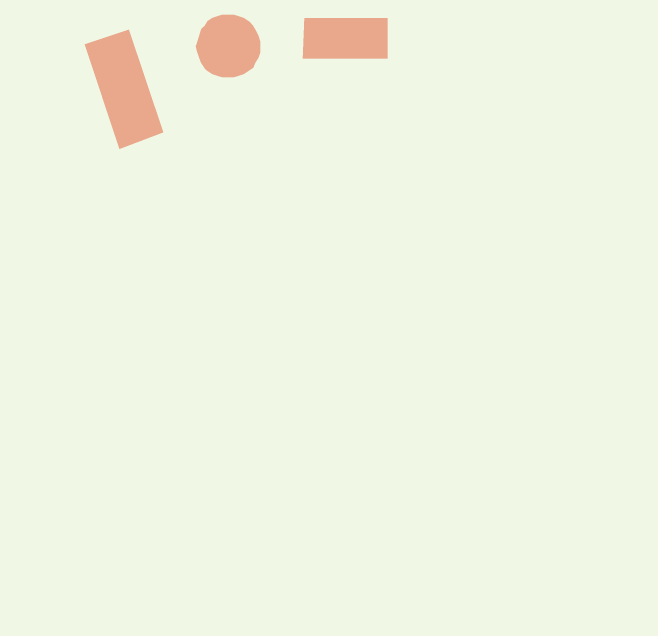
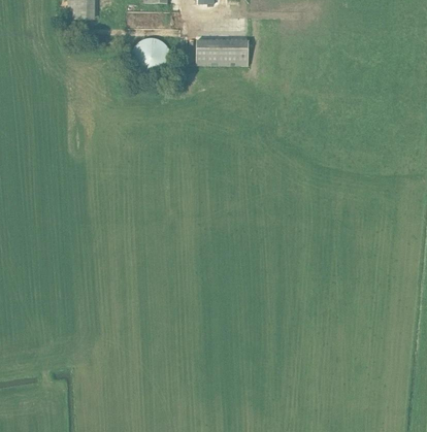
building: [84,29,164,150] -> none

